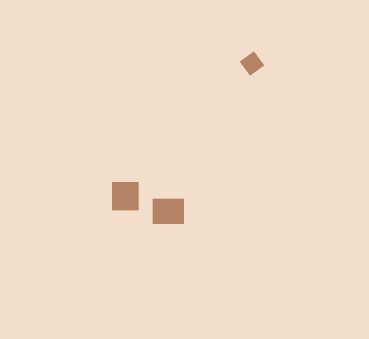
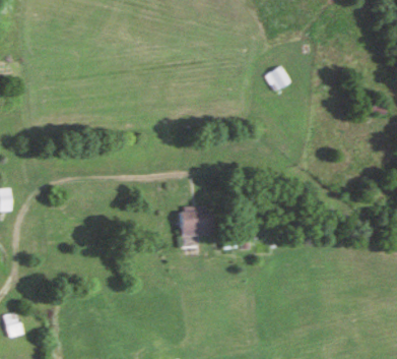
building: [111,181,139,211] -> none

